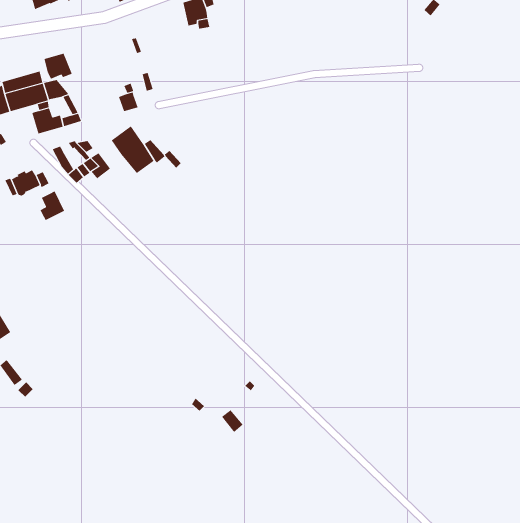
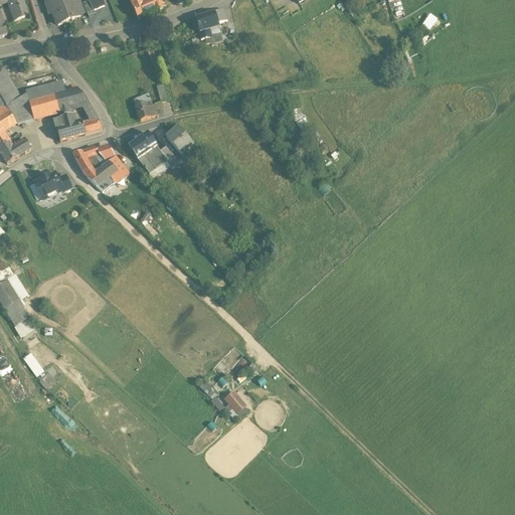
building: [44,53,72,80] -> none
building: none -> [166,125,198,155]
building: [40,191,65,221] -> none

